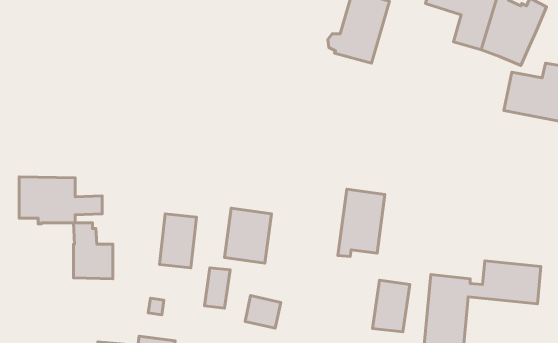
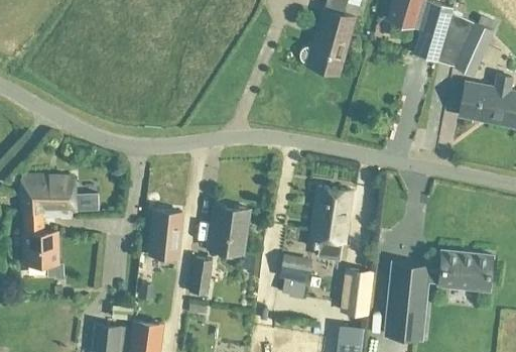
building: [73,223,113,279] -> [23,214,58,264]
building: [245,296,281,328] -> [279,255,311,284]

